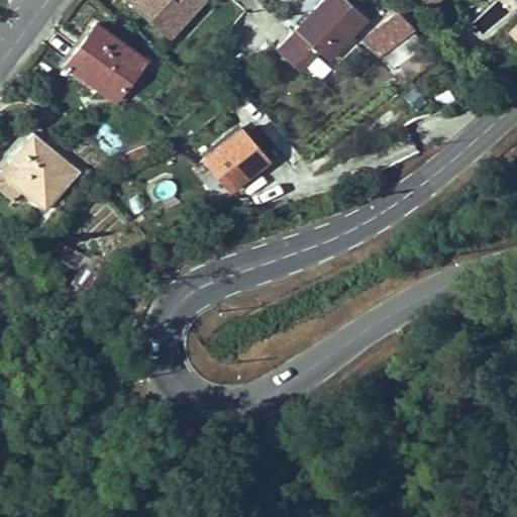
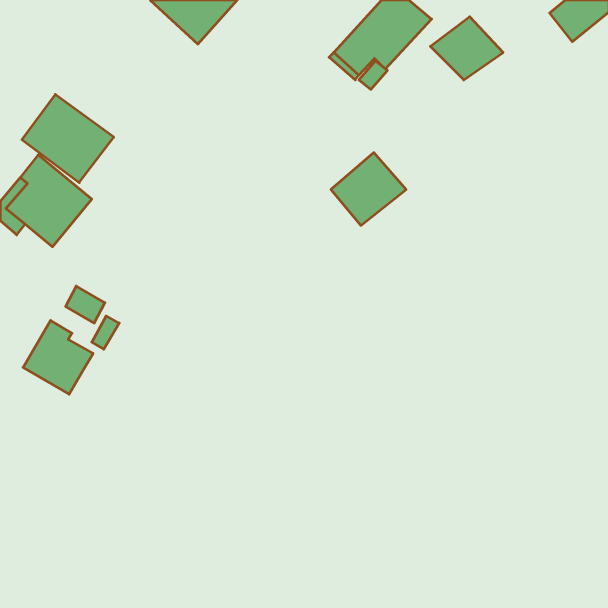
building: [68,25,145,100] -> [22,94,114,183]
building: [206,129,270,191] -> [331,153,406,225]
building: none -> [23,320,93,394]

